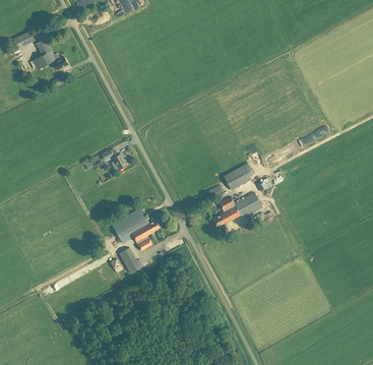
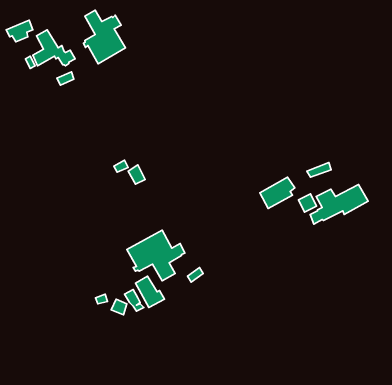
building: none -> [84,10,126,64]
building: [213,192,262,226] -> [310,184,368,224]

